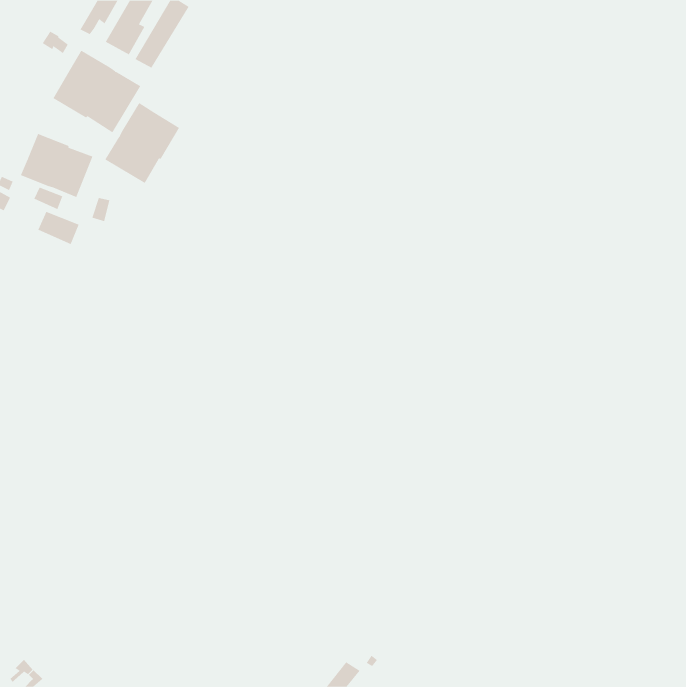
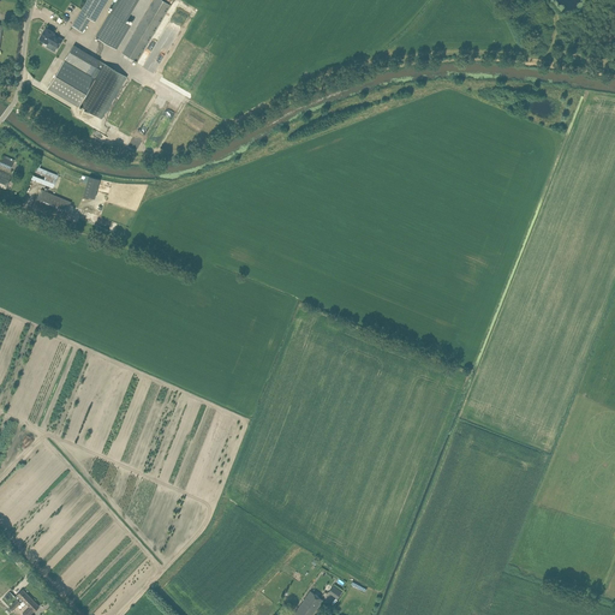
building: [105,102,180,184] -> none
building: [20,133,93,198] -> none

